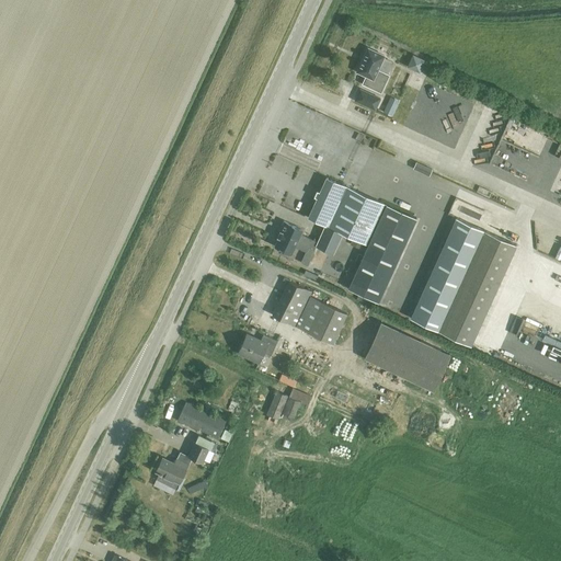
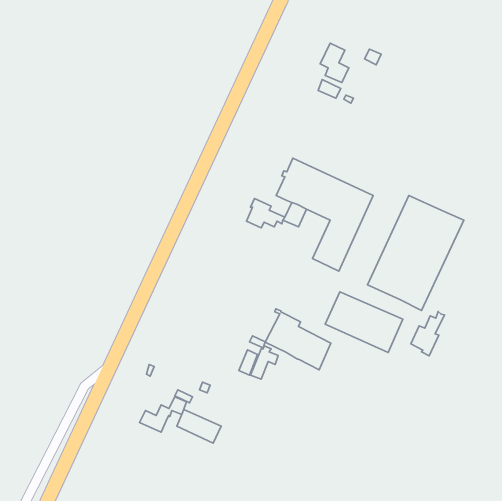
building: [272,278,345,346] -> [265,309,331,370]
building: [237,333,277,362] -> none
building: none -> [411,312,444,356]
building: [178,402,227,439] -> [177,410,221,443]

